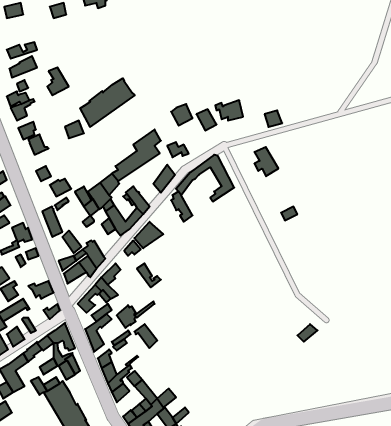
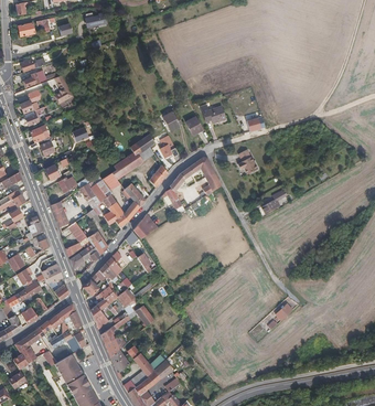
building: [80,78,135,127] -> none

